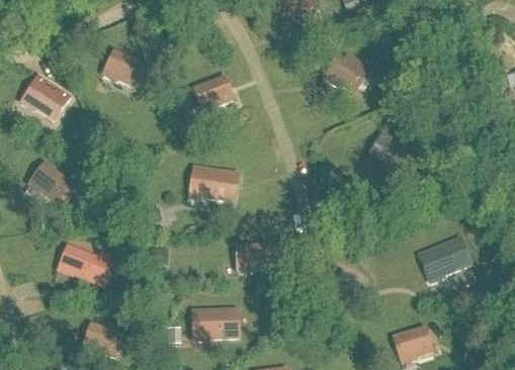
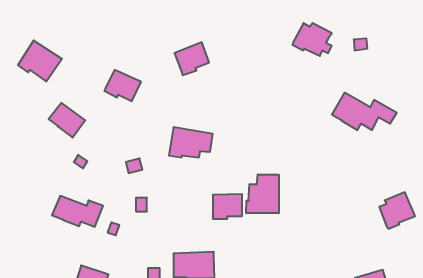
building: [103,51,144,85] -> [104,70,141,101]
building: [30,163,71,201] -> [49,103,85,138]
building: none -> [246,174,279,213]

